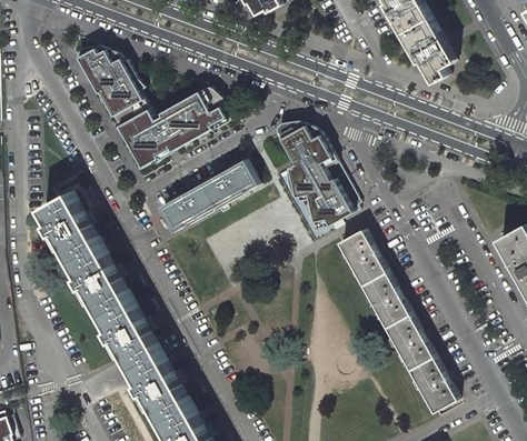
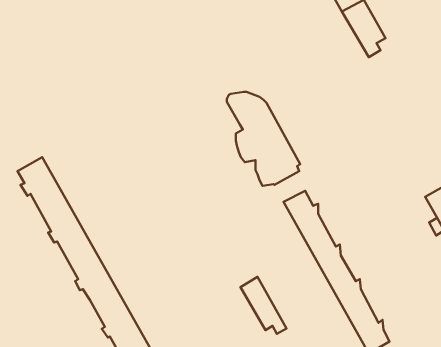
building: [76,47,231,169] -> none
building: [160,162,256,233] -> none
building: none -> [241,277,286,334]

